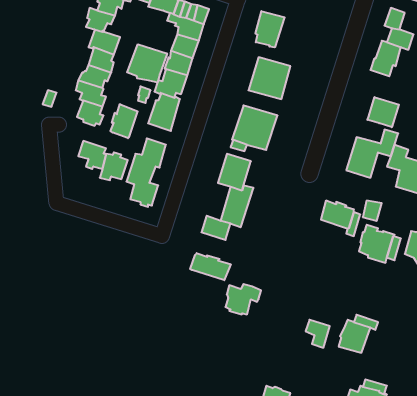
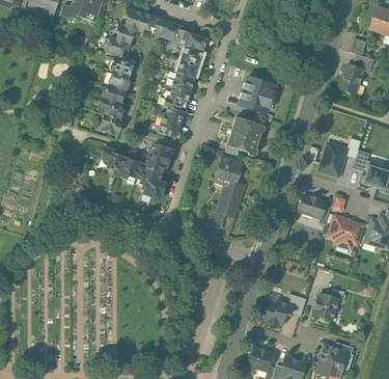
building: [255,11,285,47] -> none
building: [127,44,167,83] -> none
building: [367,97,399,127] -> none
building: [110,104,138,138] -> none
building: [190,253,231,280] -> none
building: [225,284,261,314] -> [265,299,294,324]

